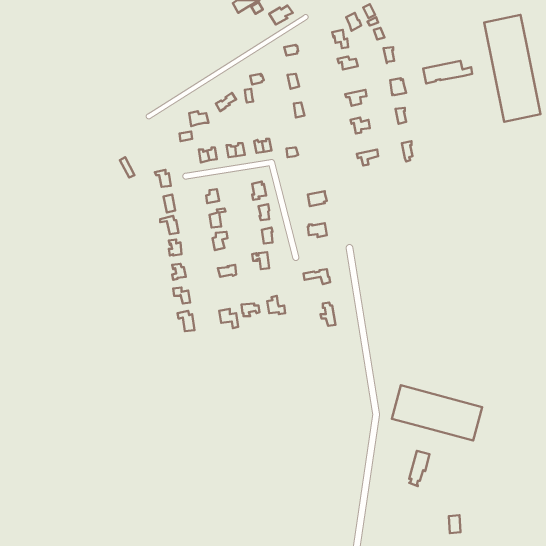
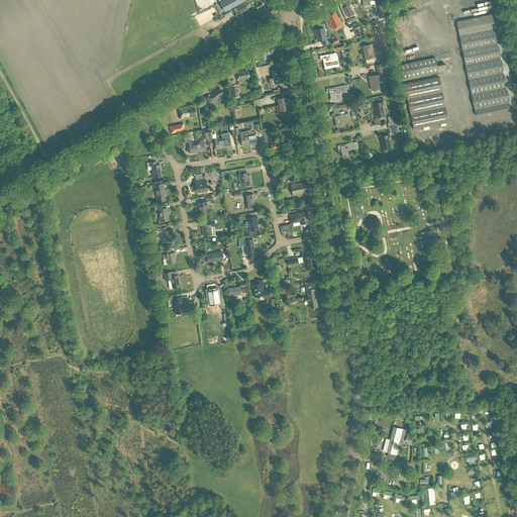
building: none -> [404,76,448,128]
building: [392,385,482,441] -> none

